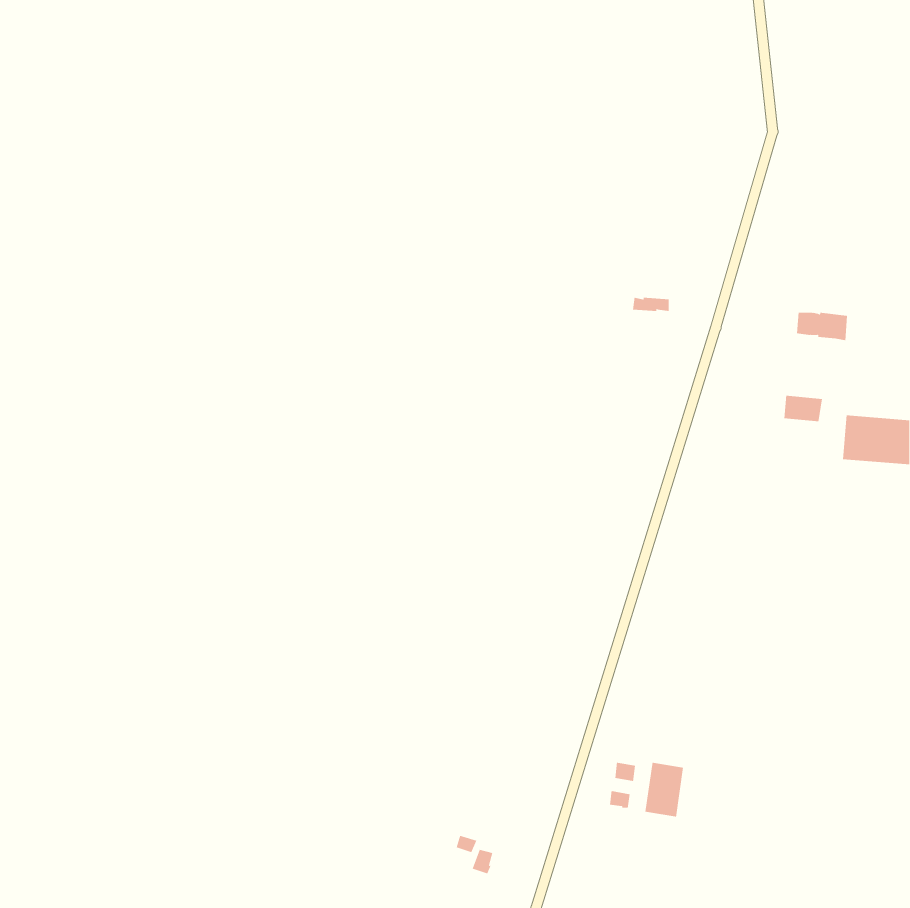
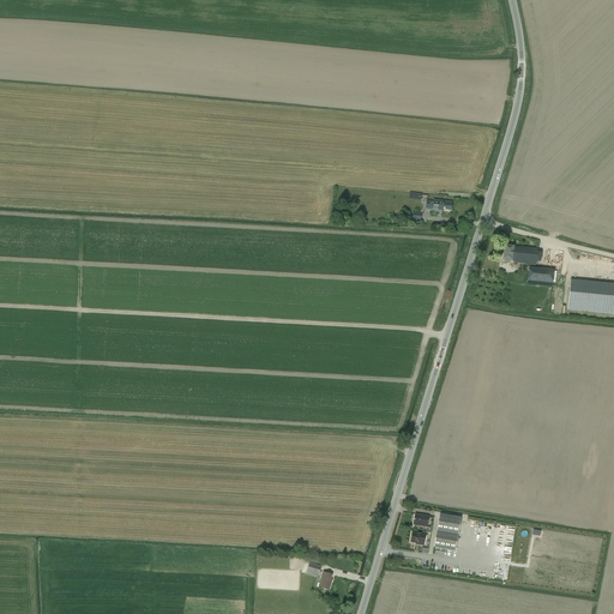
building: [796,312,850,341] -> [502,246,538,265]

